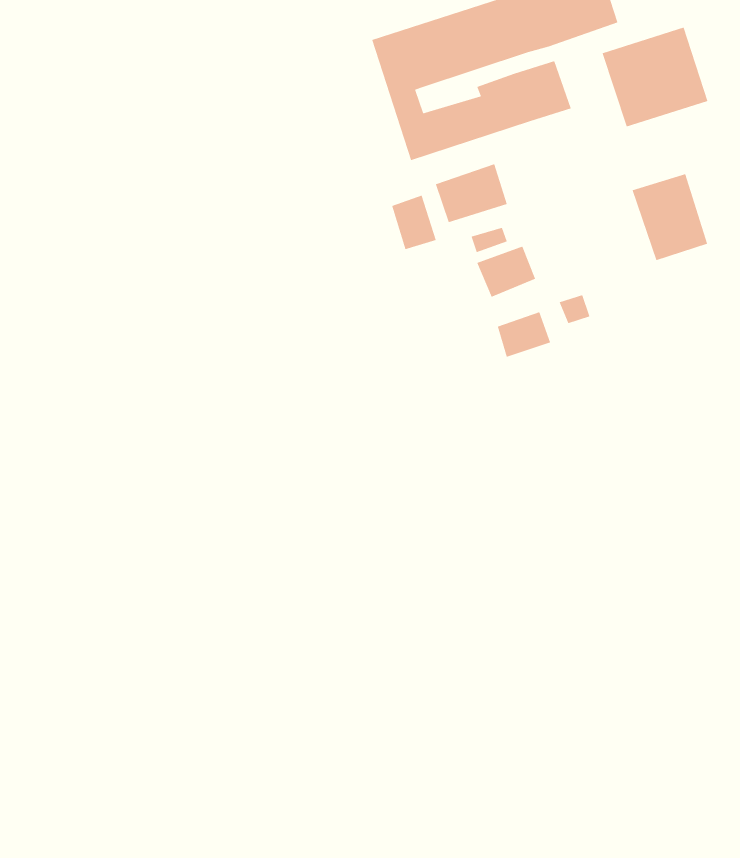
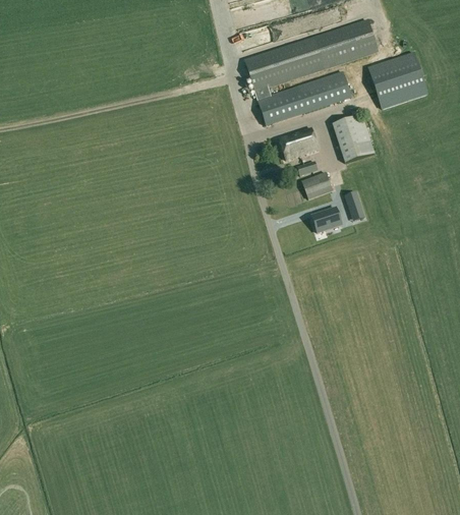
building: [631,173,708,261] -> [333,114,375,162]
building: [391,195,437,250] -> none

